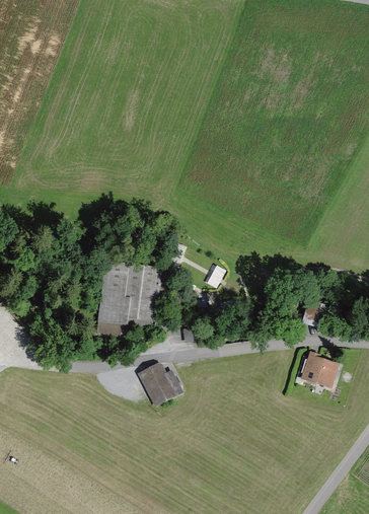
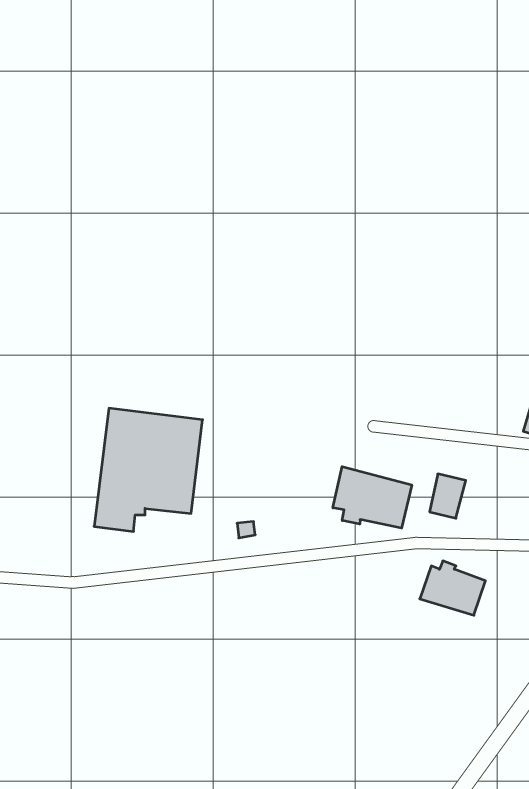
building: none -> [333,467,412,528]
building: [140,362,187,409] -> none

